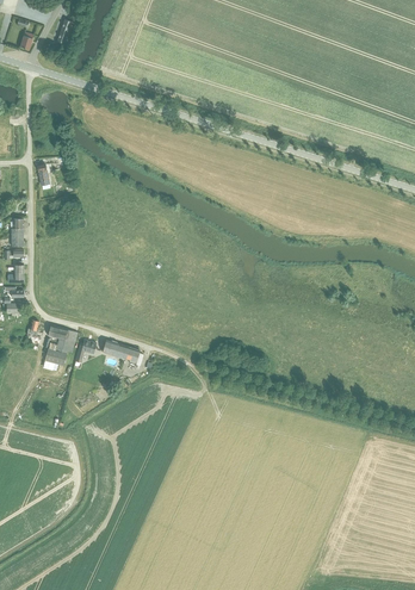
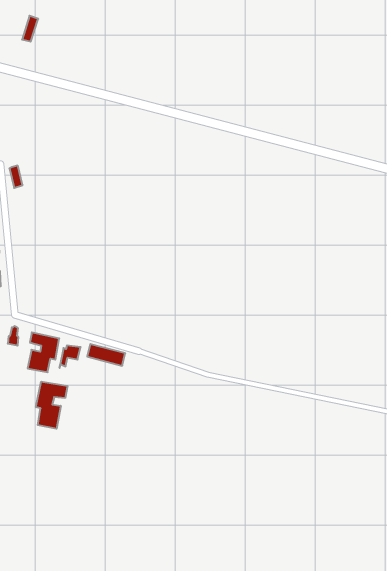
building: none -> [36,382,67,429]

